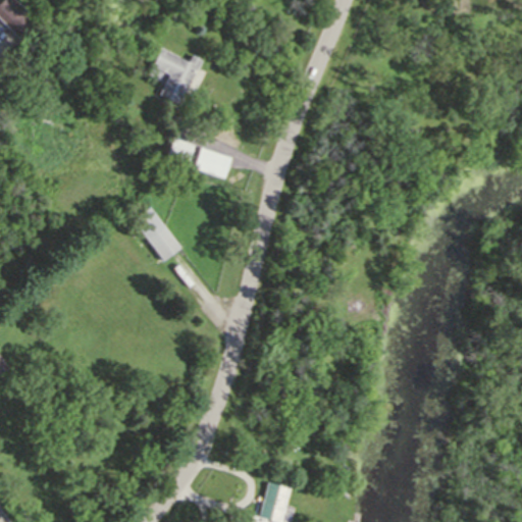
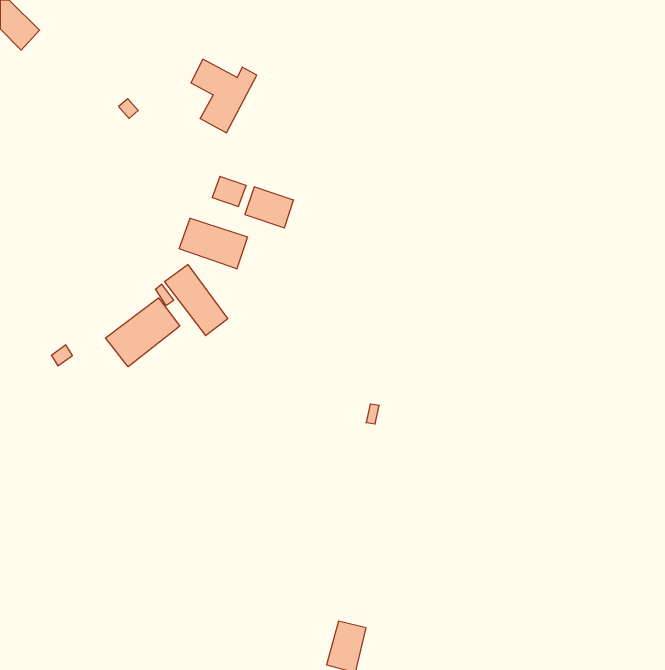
building: none -> [179,218,248,269]
building: none -> [106,298,180,367]

